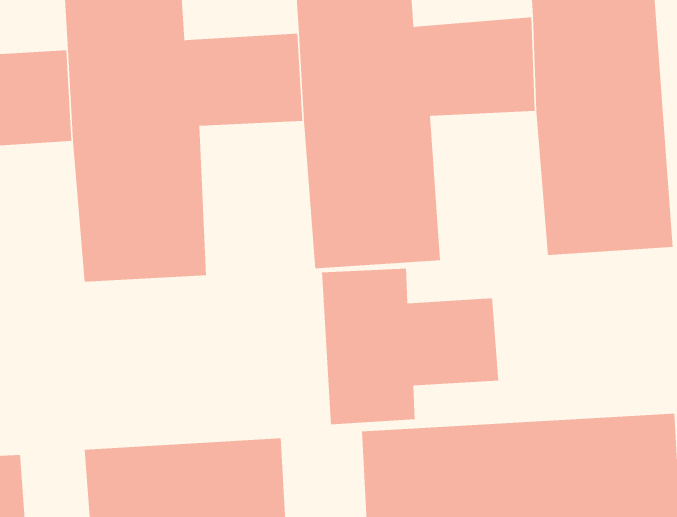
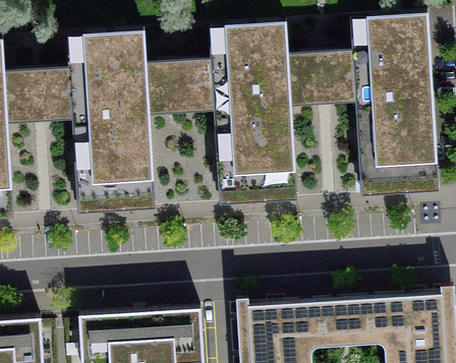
building: [321,268,499,425] -> none

